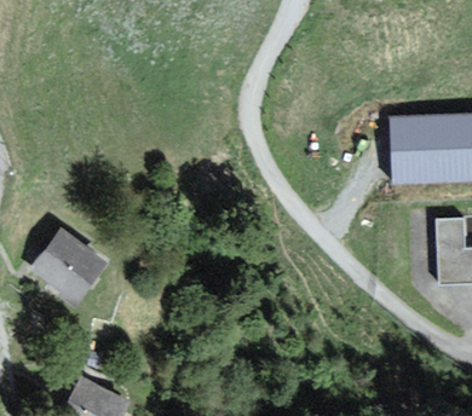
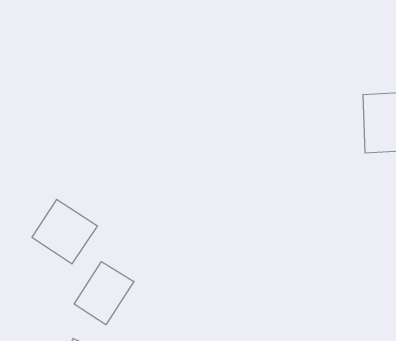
building: none -> [74,262,134,325]

